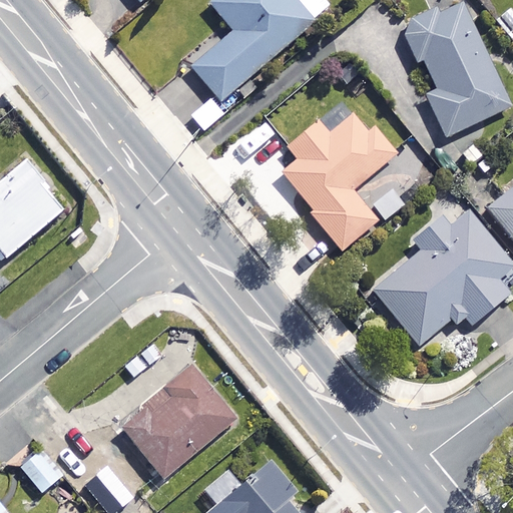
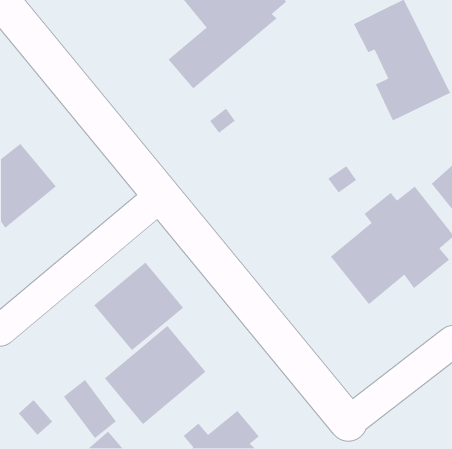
building: [283,109,396,249] -> none
building: none -> [93,262,184,351]

